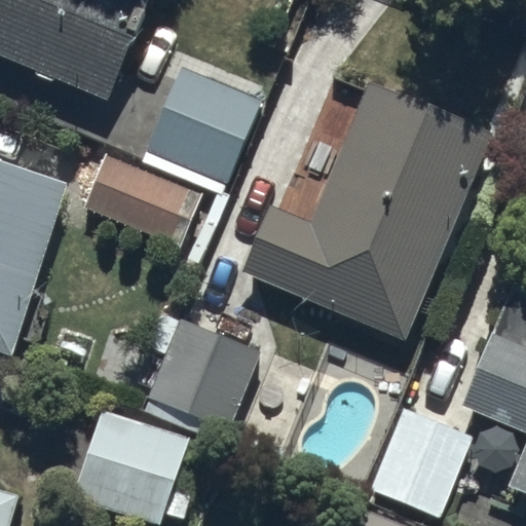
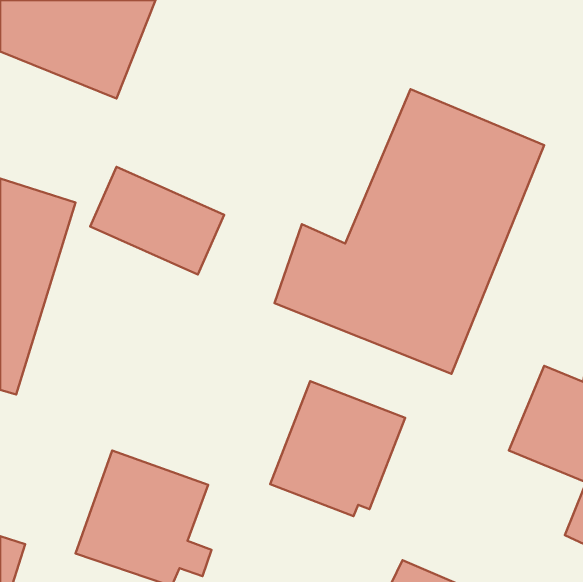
building: [139,53,265,195] -> none
building: [138,315,259,437] -> [270,381,405,516]
building: [368,407,472,517] -> none

